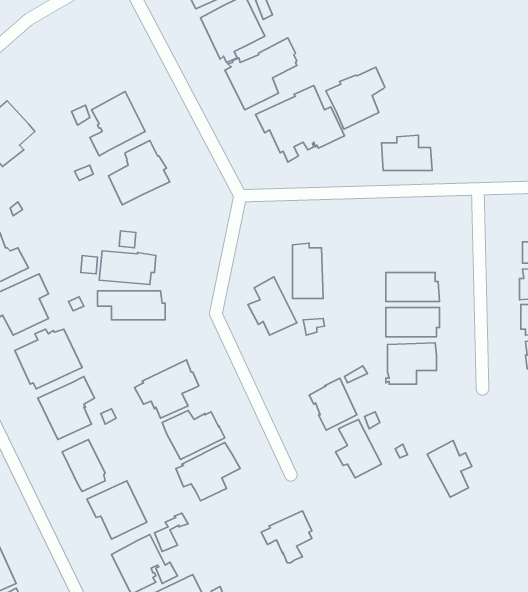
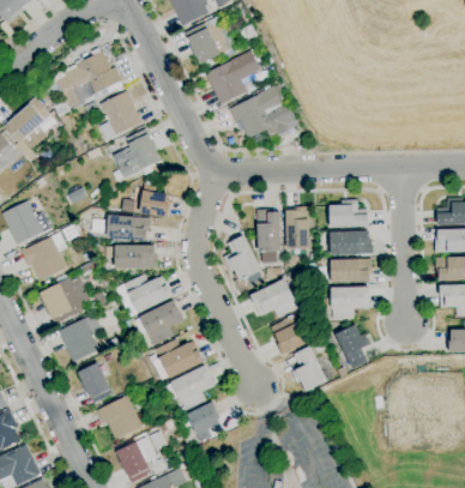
building: none -> [47,50,121,108]
building: [326,67,385,129] -> none
building: [382,135,432,171] -> [328,199,368,227]
building: none -> [139,179,170,217]
building: none -> [285,206,309,248]
building: none -> [115,273,171,318]
building: none -> [249,278,298,318]
building: [427,440,472,497] -> [334,324,369,368]
building: [261,511,312,563] -> [180,402,219,442]

